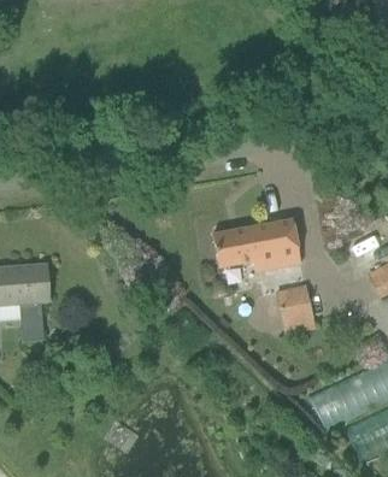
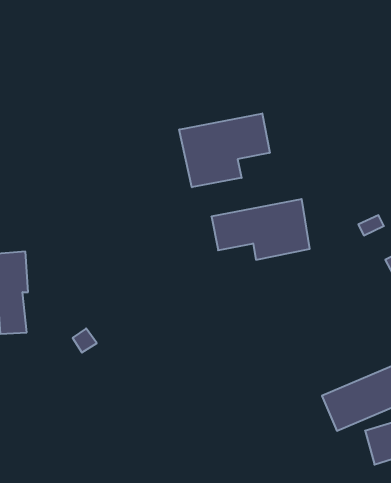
building: none -> [179,113,270,187]
building: [278,288,316,334] -> none

